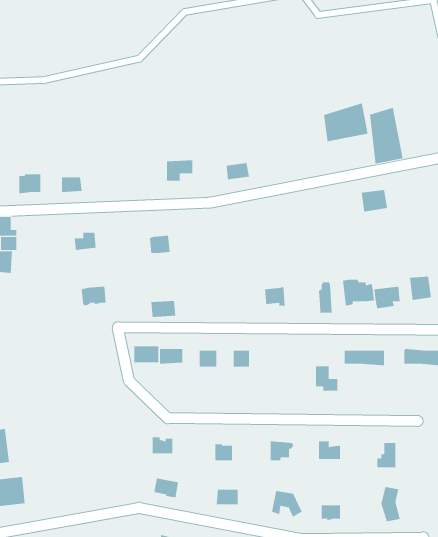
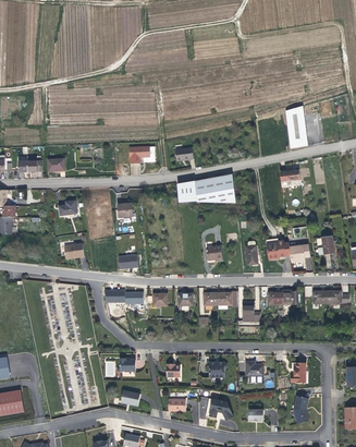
building: [324,103,368,142] -> none
building: none -> [195,173,234,202]
building: none -> [202,291,237,306]

